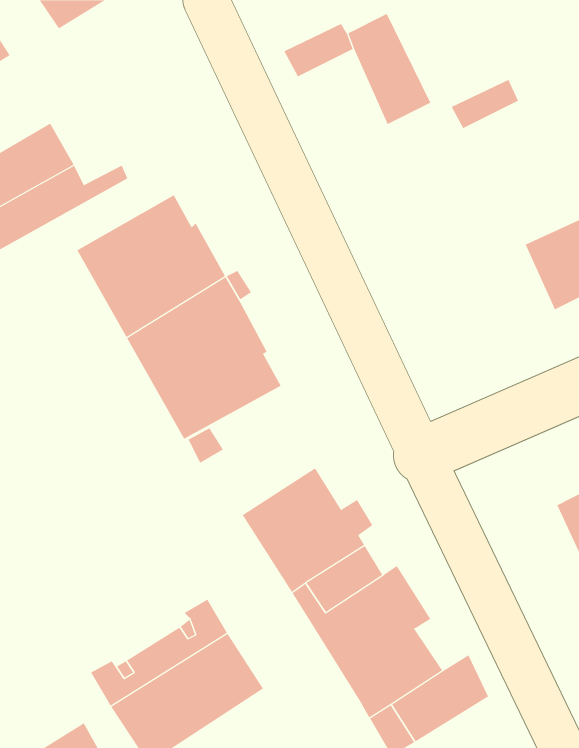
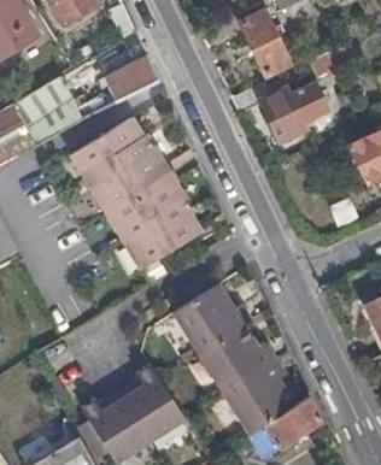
building: none -> [102,53,158,102]
building: none -> [233,82,323,141]

